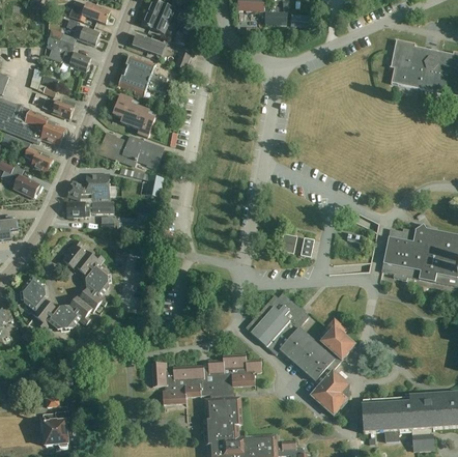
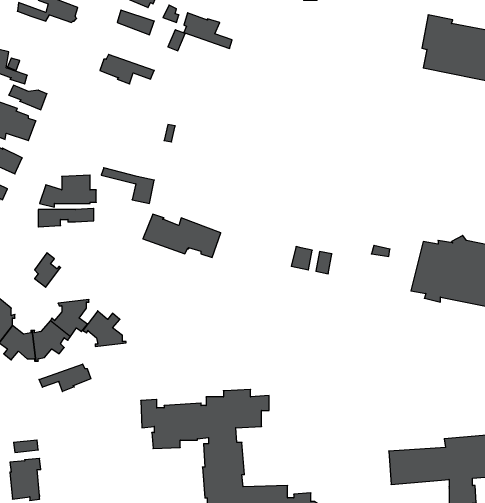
building: [47,35,90,72] -> none
building: [125,55,166,85] -> [184,13,232,48]
building: [112,94,154,137] -> none
building: [97,133,163,169] -> [143,214,221,257]
building: [73,251,109,281] -> [83,311,126,346]
building: [245,292,353,415] -> none
building: none -> [39,364,91,392]

